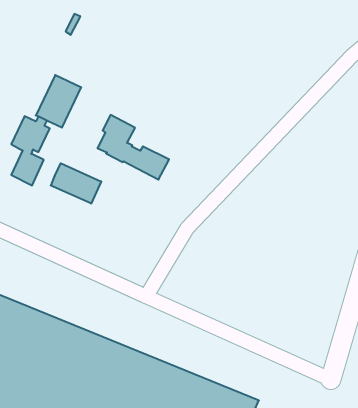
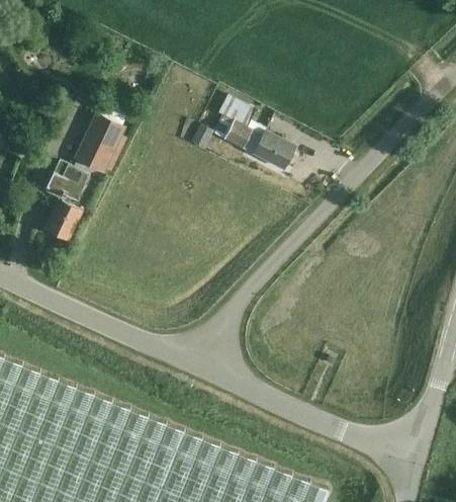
building: [97,115,169,180] -> [211,96,294,171]
building: [51,163,101,204] -> none

